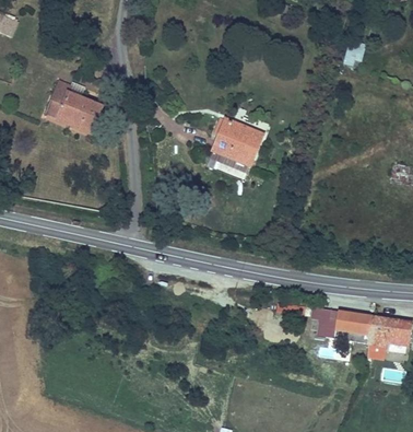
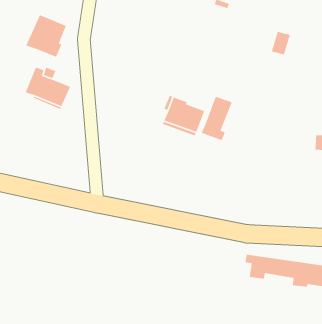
building: none -> [25,14,67,58]
building: none -> [201,96,233,141]

